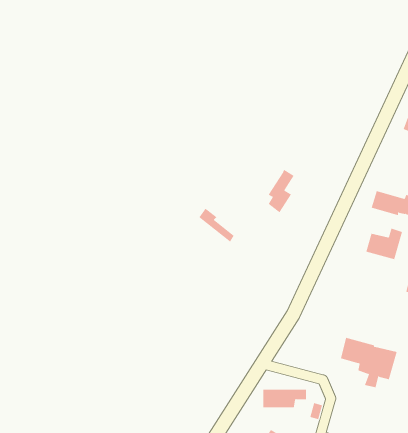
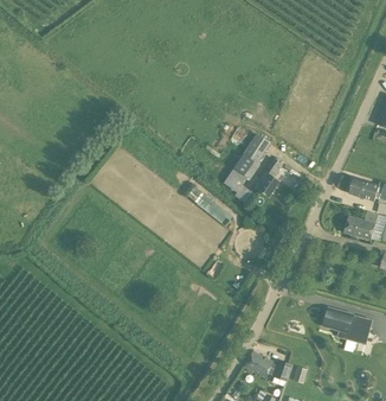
building: none -> [223,134,270,192]

